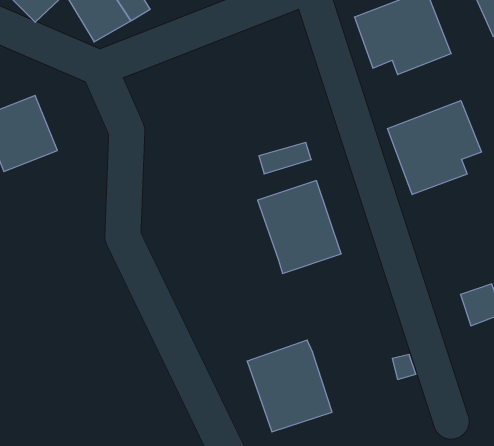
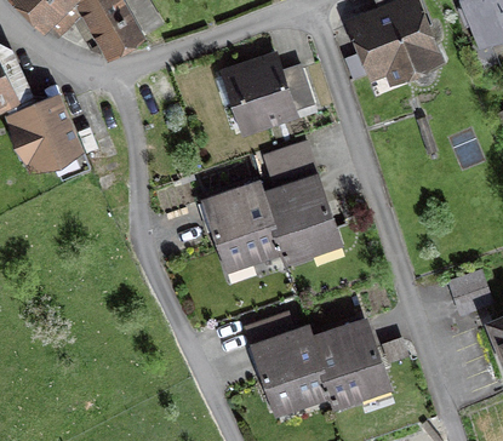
building: none -> [224,58,313,124]
building: [387,101,482,195] -> none
building: none -> [202,185,281,270]
building: none -> [313,320,389,405]

